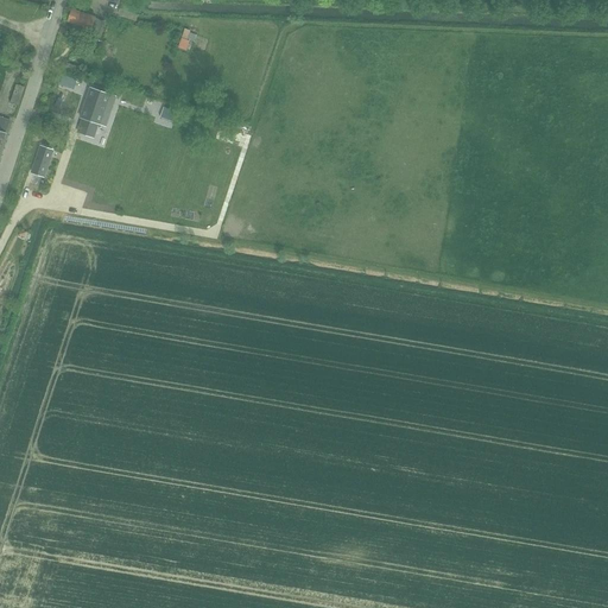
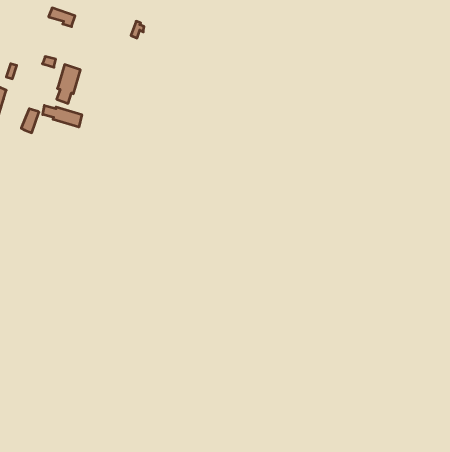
building: none -> [43,105,82,127]

